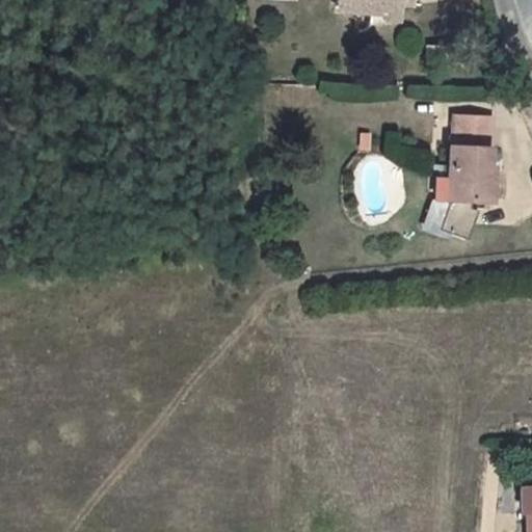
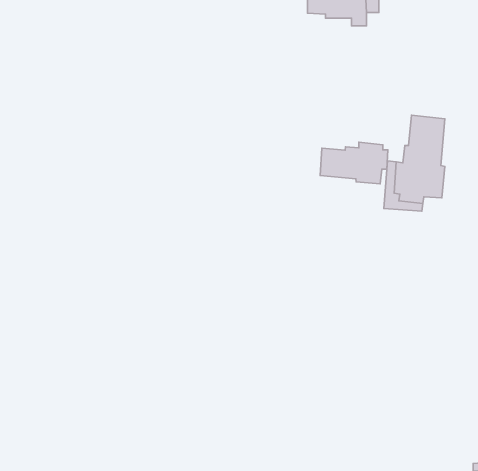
building: none -> [320,142,388,184]

